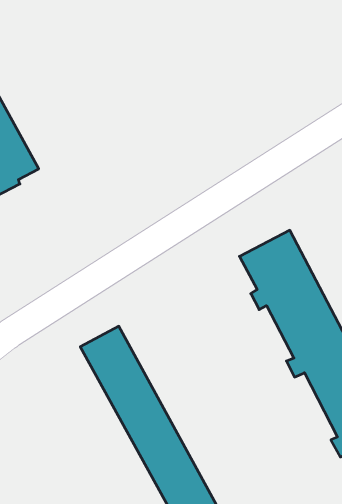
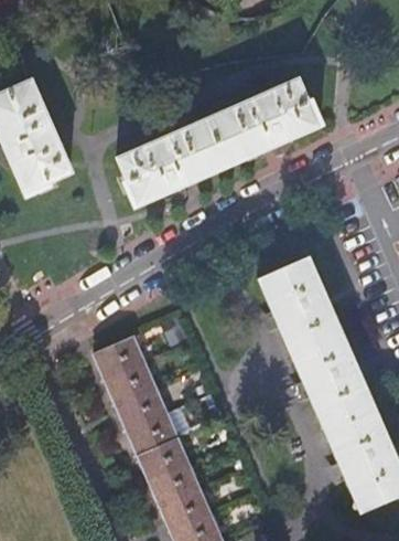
building: none -> [120,81,323,206]

